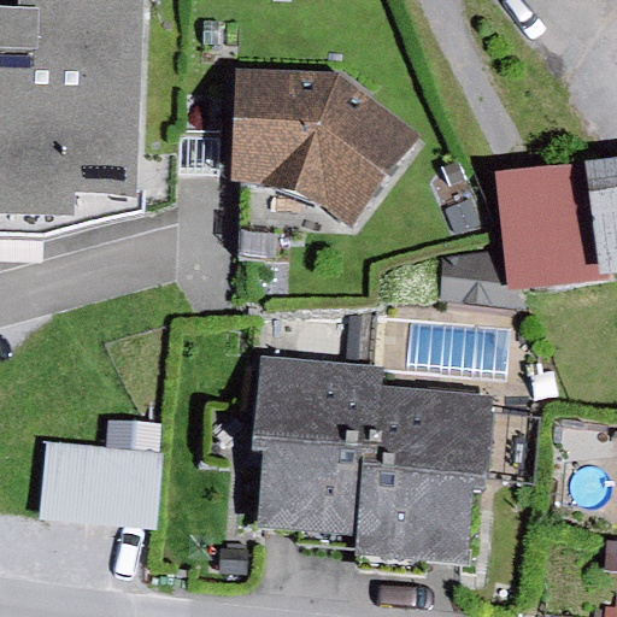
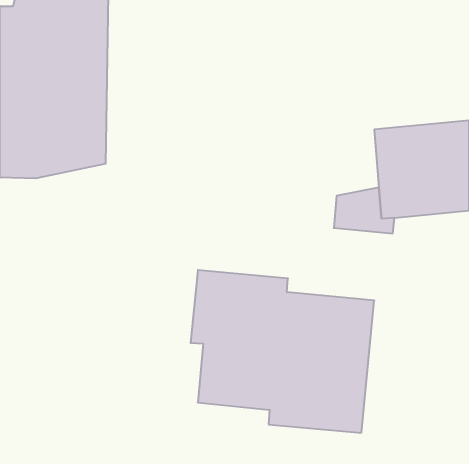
building: [233,65,422,225] -> none
building: [39,436,158,528] -> none

